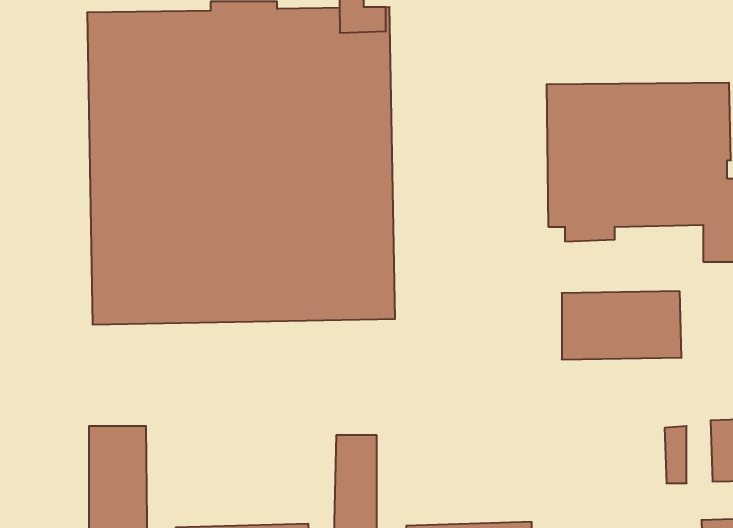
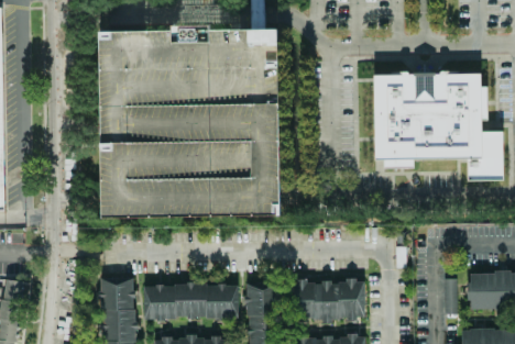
building: [562,291,682,359] -> [293,280,364,321]
building: none -> [143,284,238,319]

